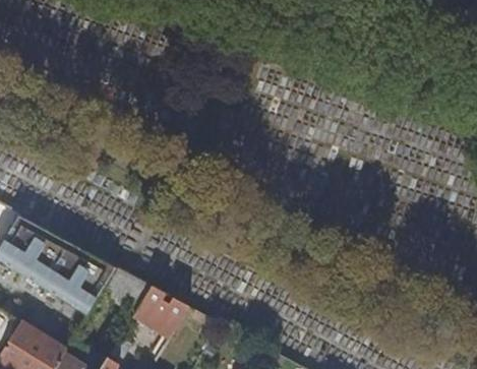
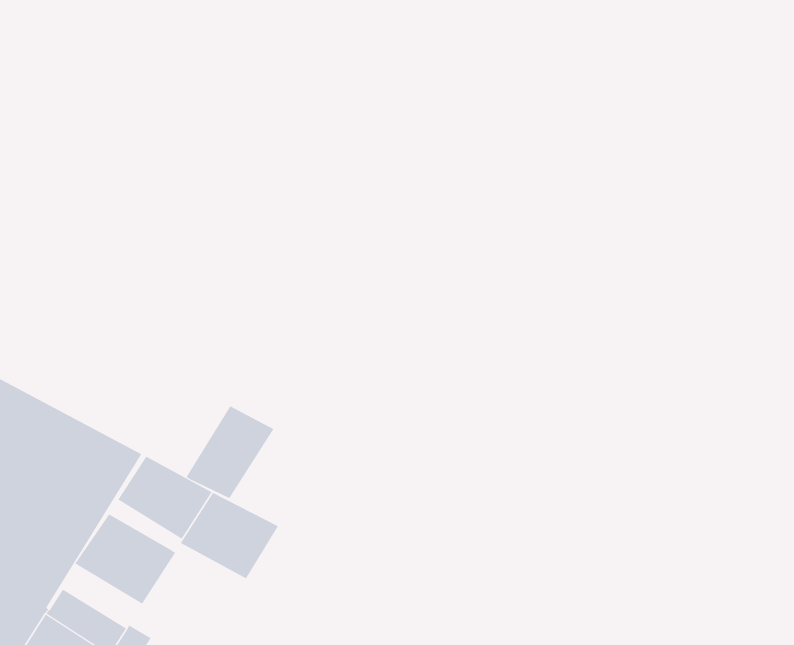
building: none -> [186,405,274,499]
building: none -> [74,513,176,605]

